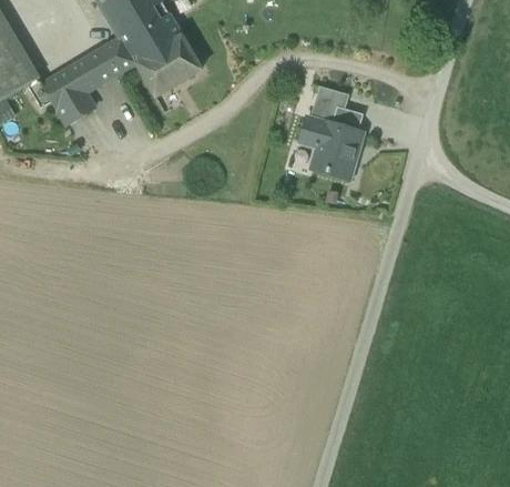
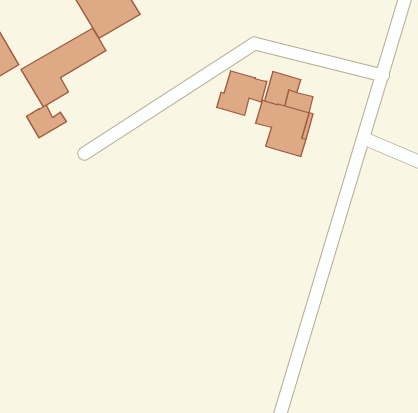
building: [128,21,201,95] -> none
building: none -> [217,71,267,115]
building: none -> [27,105,66,138]

